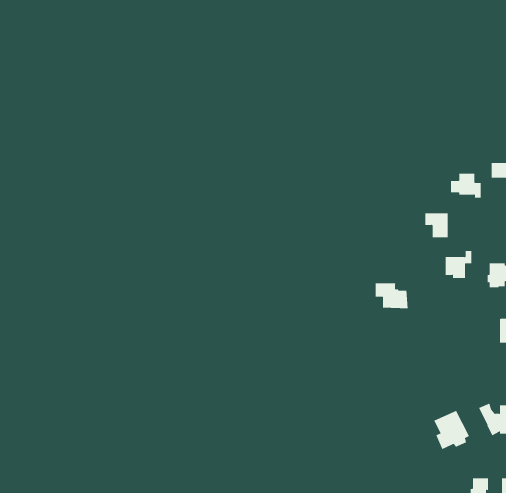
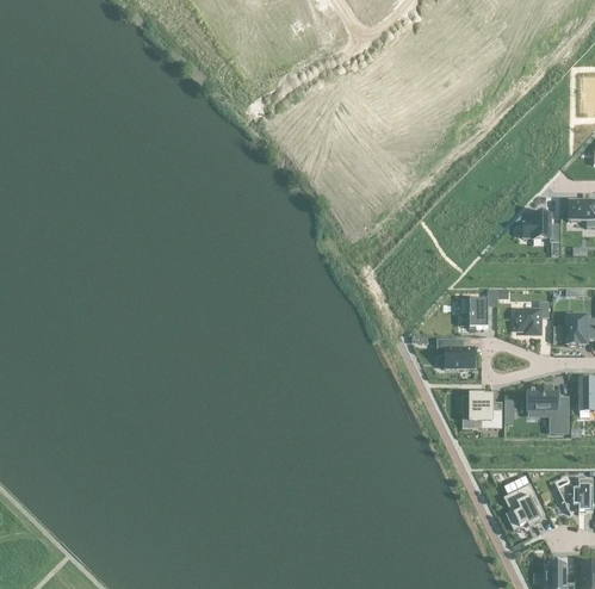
building: [424,213,448,238] -> [460,298,488,327]
building: none -> [527,386,568,432]
building: none -> [463,393,501,426]

